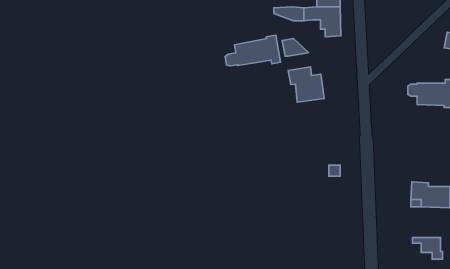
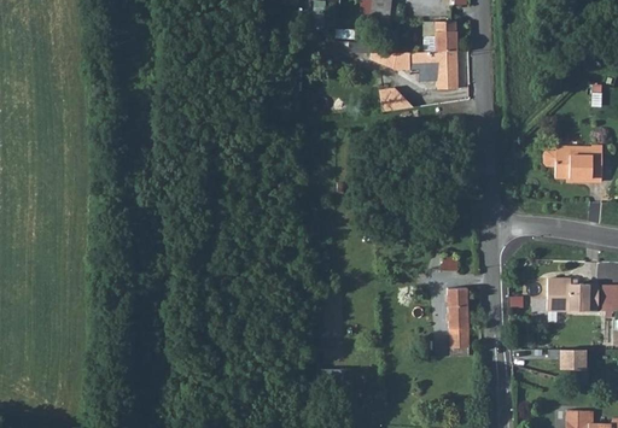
building: [225,35,280,66] -> none
building: [288,67,324,102] -> none
building: none -> [449,287,468,346]

